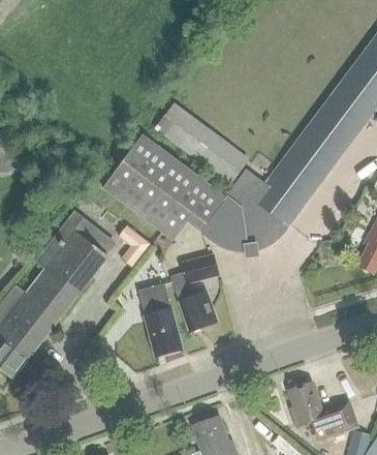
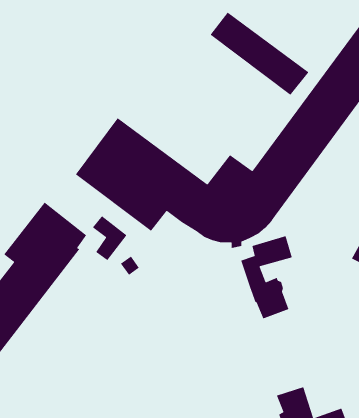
building: [156,104,248,182] -> [210,11,309,96]
building: [170,253,219,331] -> [240,235,293,320]
building: [138,283,182,356] -> none

